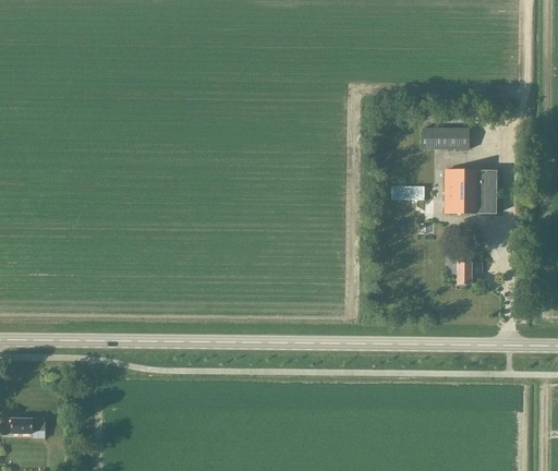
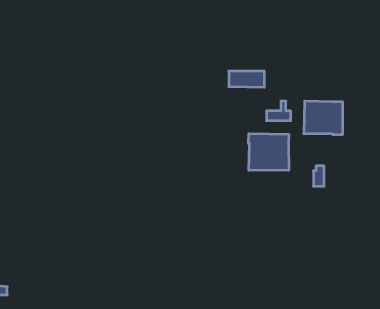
building: [421,128,469,149] -> [229,71,264,87]
building: none -> [249,134,289,170]

